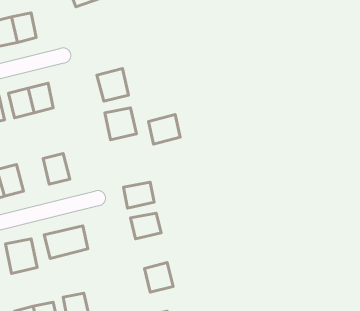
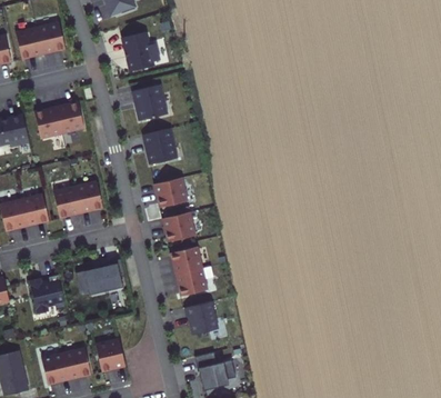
building: none -> [122,32,160,70]
building: [148,114,180,144] -> [152,177,188,210]
building: none -> [52,186,79,220]
building: none -> [176,269,209,298]

